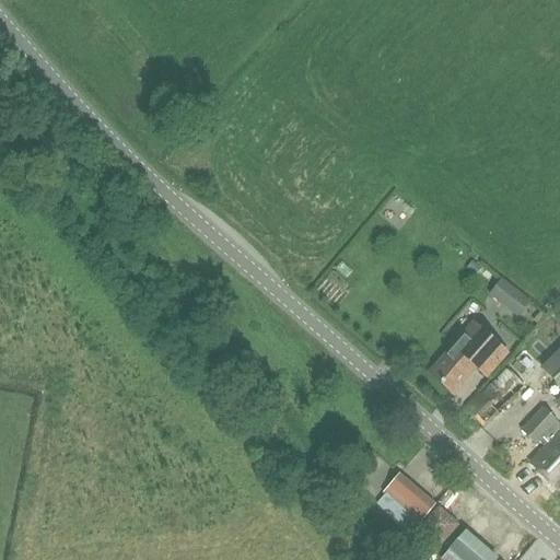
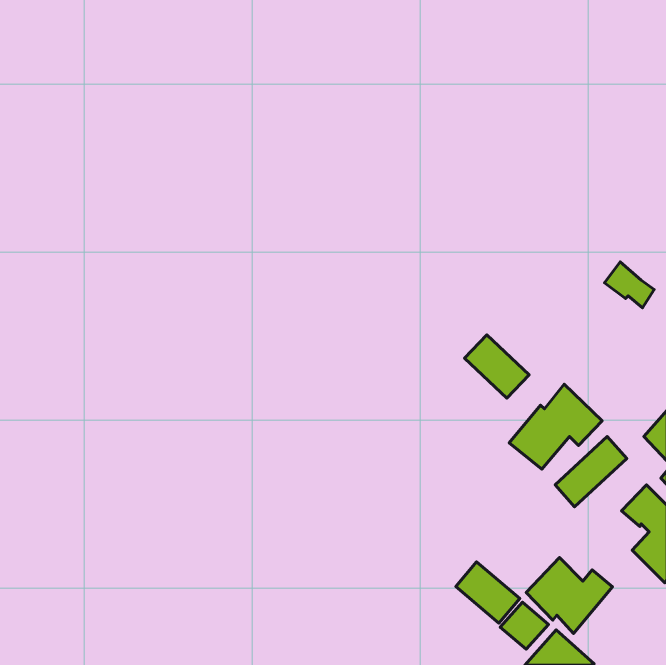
building: [488,277,529,315] -> [605,262,654,308]
building: none -> [464,335,529,398]
building: none -> [526,557,613,634]

